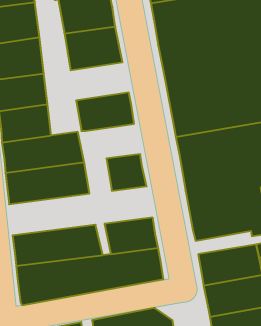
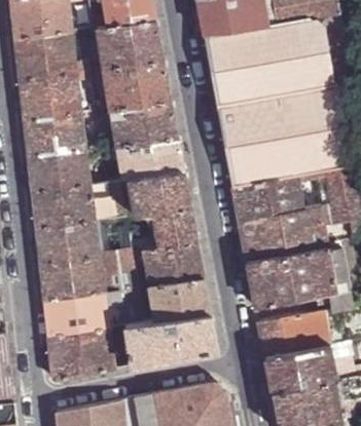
building: none -> [109,100,176,144]
building: none -> [127,170,189,214]
building: none -> [142,242,204,285]
building: none -> [38,250,138,299]

